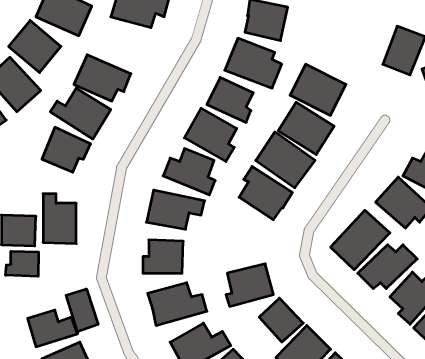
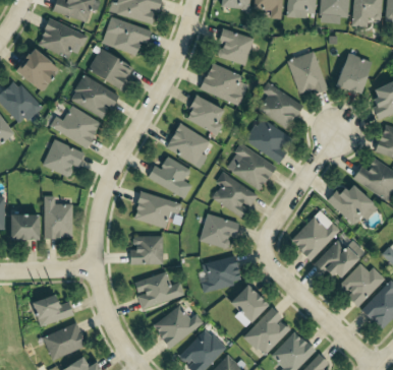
building: none -> [88,49,134,89]
building: none -> [287,51,328,94]
building: none -> [199,212,239,249]
building: [6,251,38,276] -> none
building: [66,289,98,332] -> none

